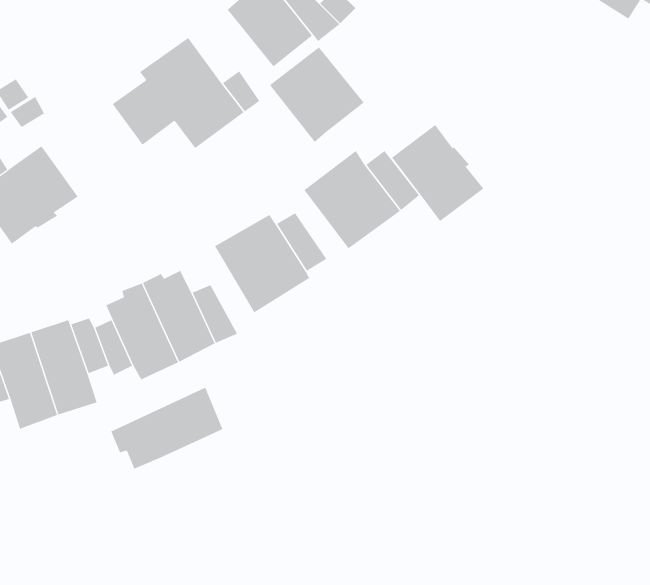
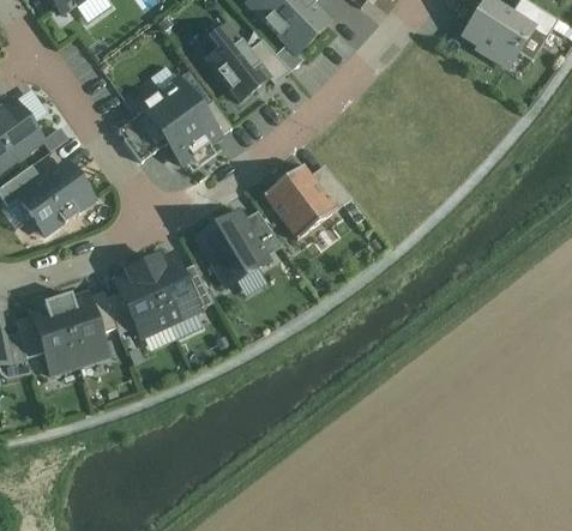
building: [269,46,365,143] -> none
building: [391,124,484,222] -> none
building: [110,387,223,470] -> none

